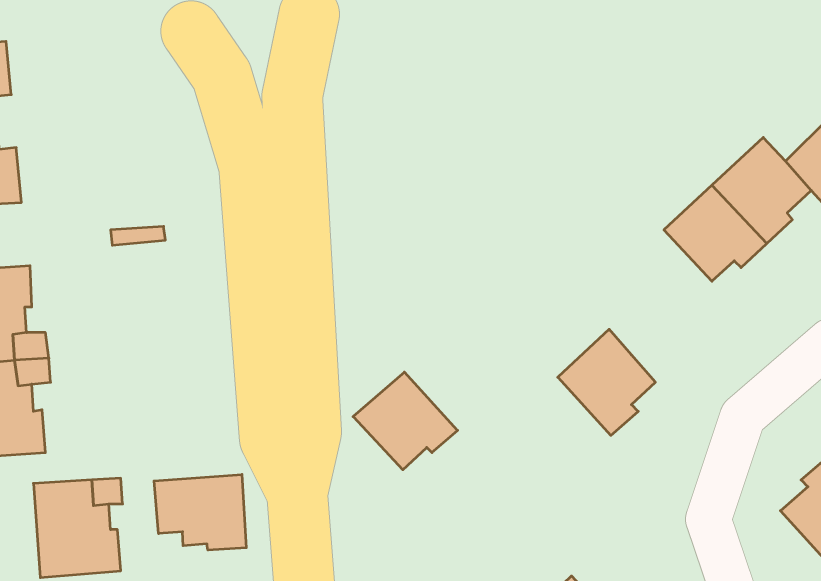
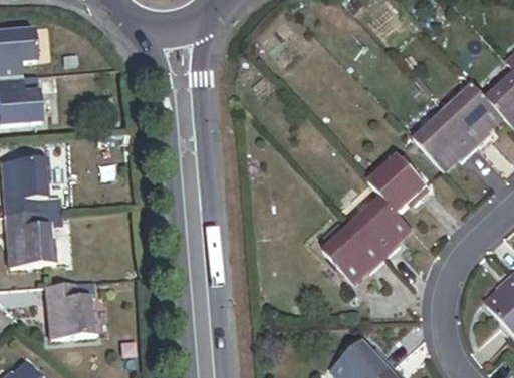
building: none -> [369,152,430,210]
building: [353,372,458,470] -> [323,223,384,280]
building: [154,474,246,550] -> none

